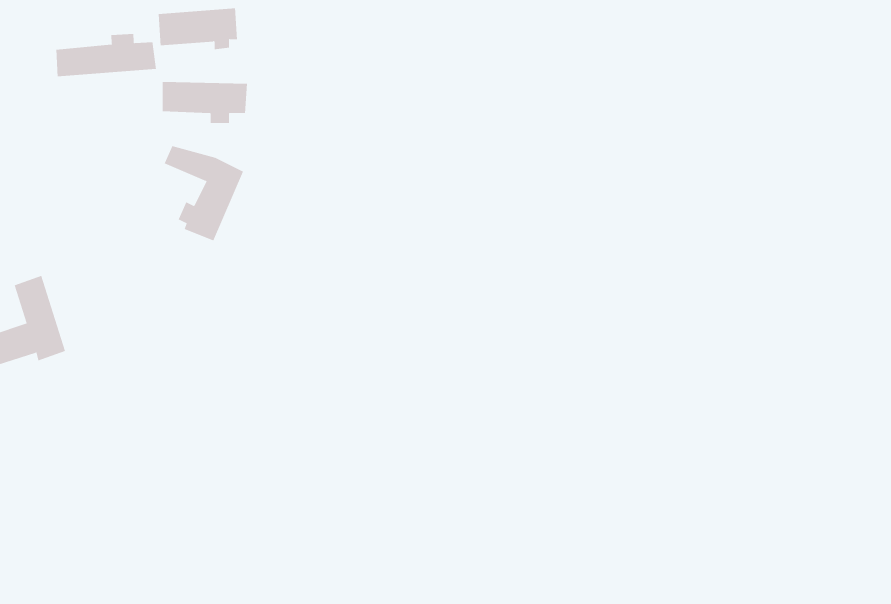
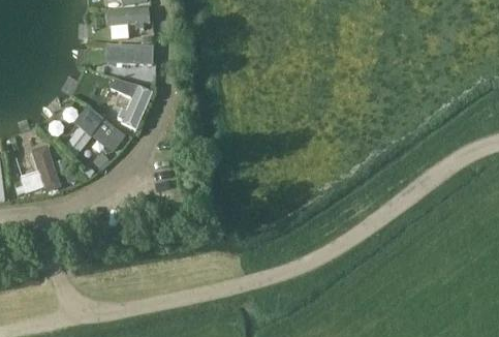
building: [56,33,156,77] -> none
building: none -> [75,105,125,151]

